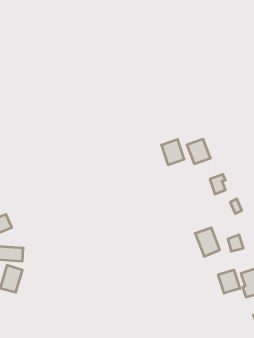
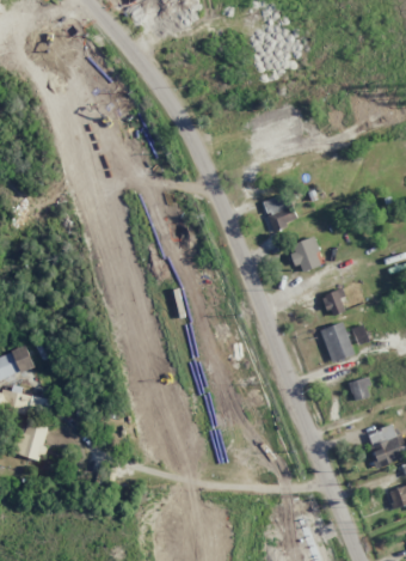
building: [161,139,184,165] -> [263,193,296,230]
building: [195,228,220,256] -> [319,322,355,364]
building: [218,270,240,293] -> none

